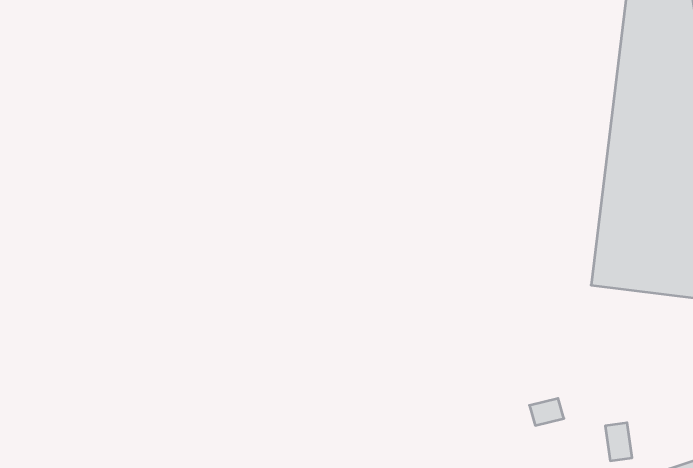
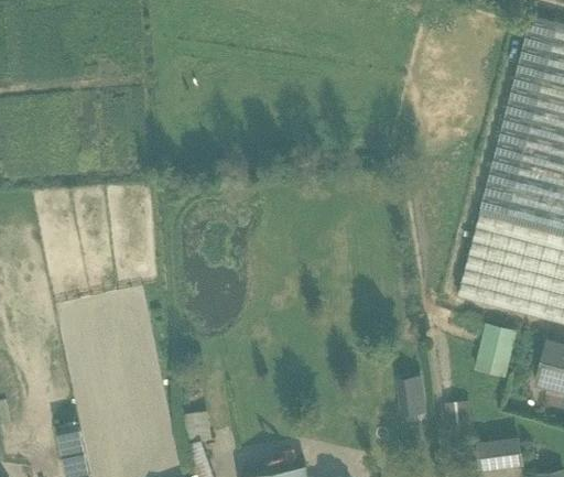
building: none -> [475,324,517,378]

